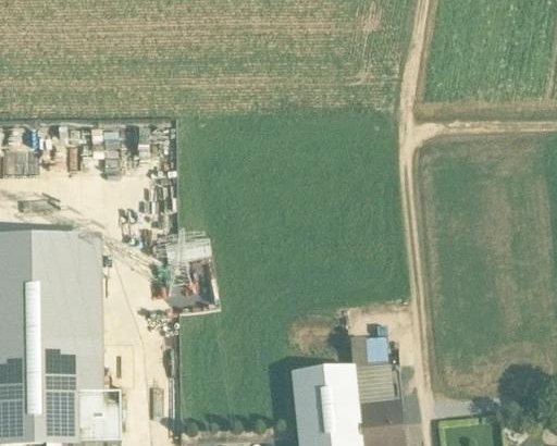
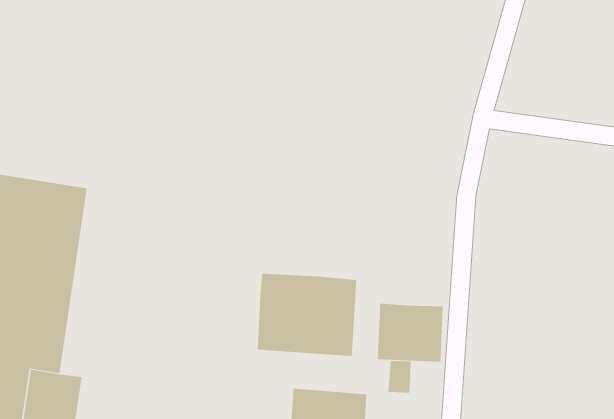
building: none -> [257,273,357,357]
building: none -> [377,303,443,363]

